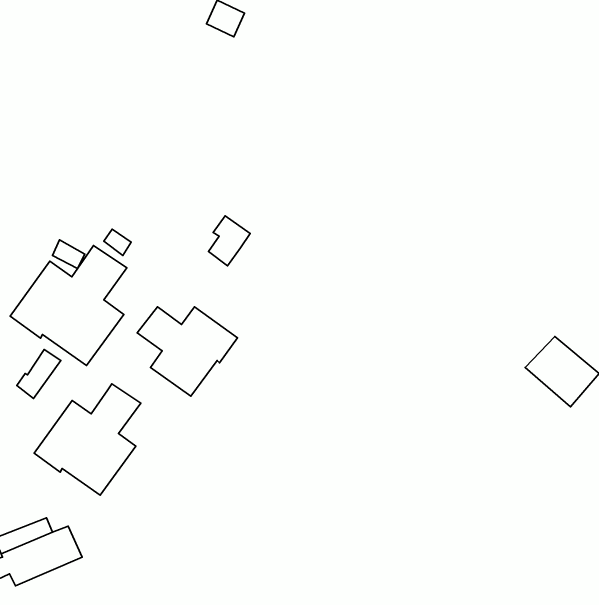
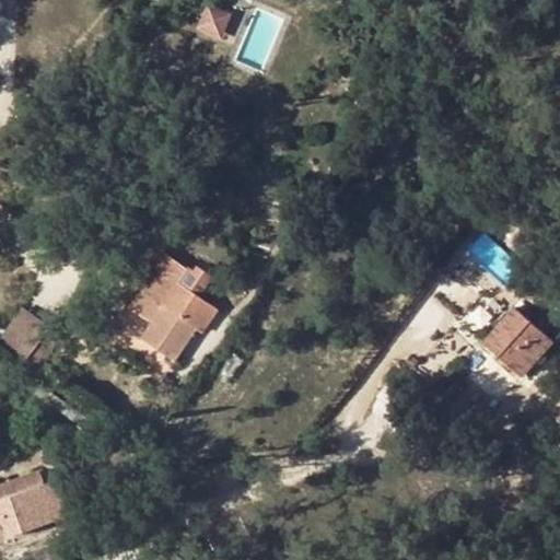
building: [208,216,250,266] -> [149,252,187,298]
building: [10,246,127,365] -> none
building: [34,384,141,495] -> none

